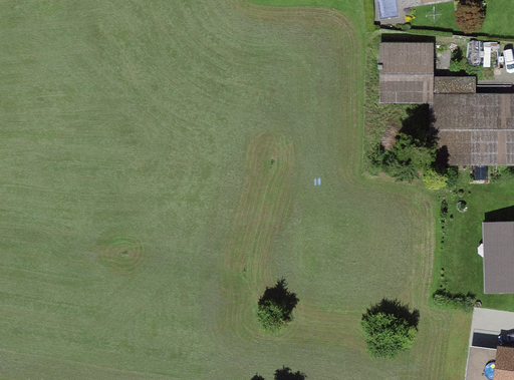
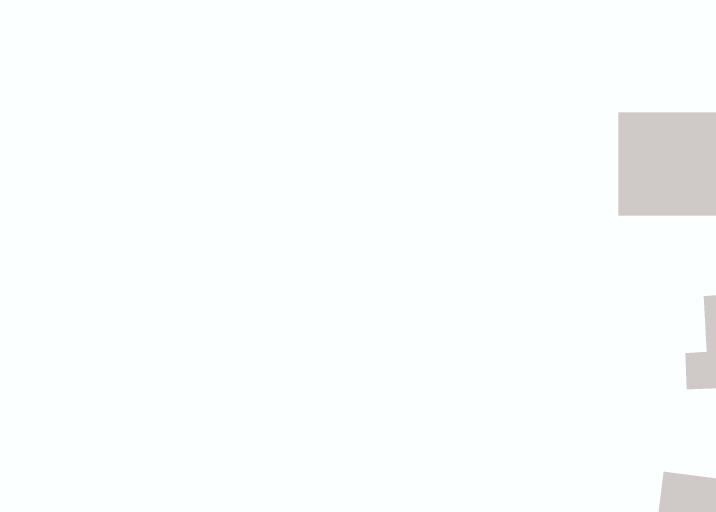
building: [379,42,435,103] -> none

